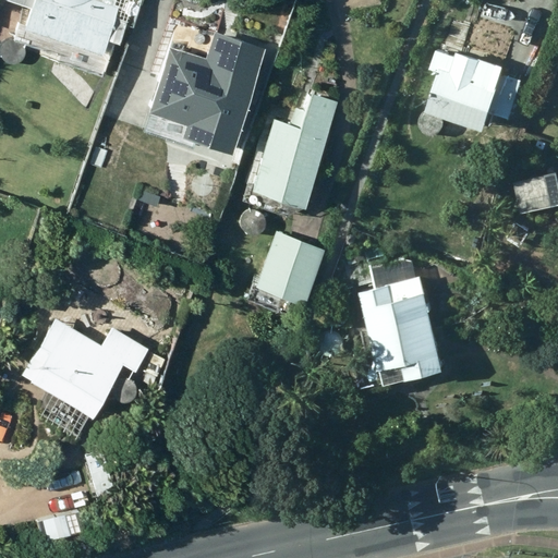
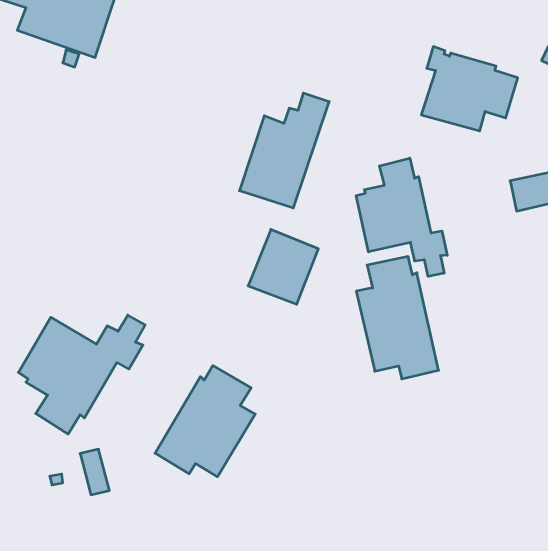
building: [146,32,266,156] -> none
building: none -> [356,158,447,276]
building: none -> [155,366,255,477]

